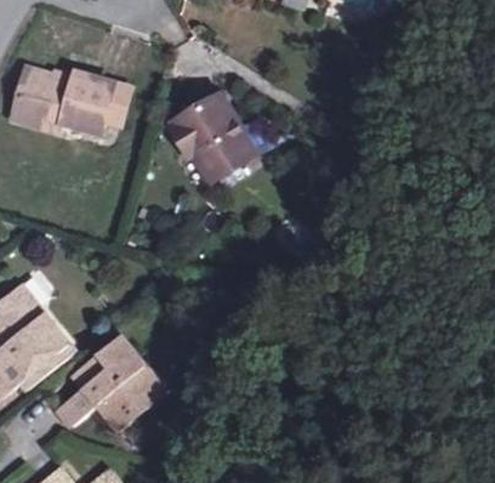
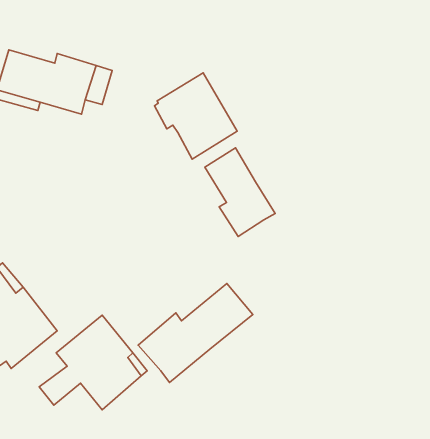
building: none -> [205,148,275,237]
building: none -> [138,284,253,382]

